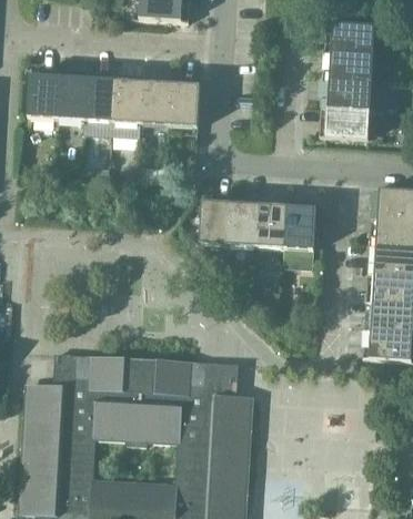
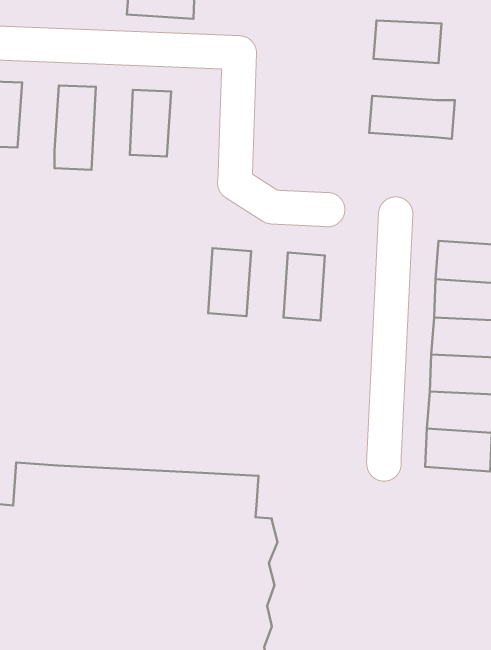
building: [323,54,373,85] -> none
building: [57,72,88,123] -> none
building: [112,75,143,140] -> none
building: [169,79,201,130] -> none
building: [320,110,370,142] -> none
building: [229,199,260,248] -> none
building: [284,202,316,252] -> none

